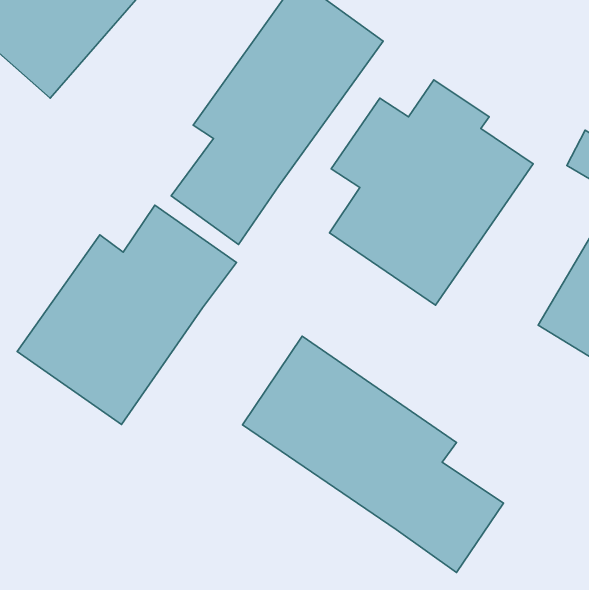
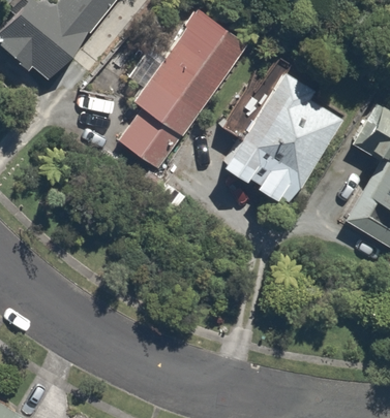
building: [17,205,237,424] -> none
building: [242,336,504,573] -> none

